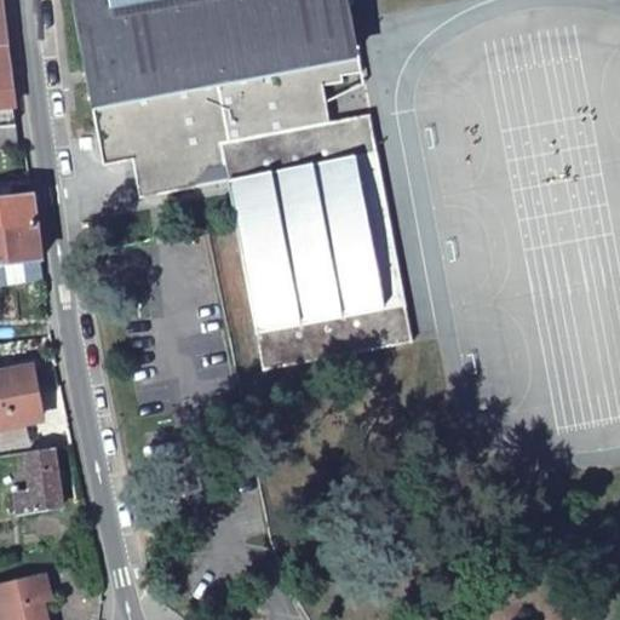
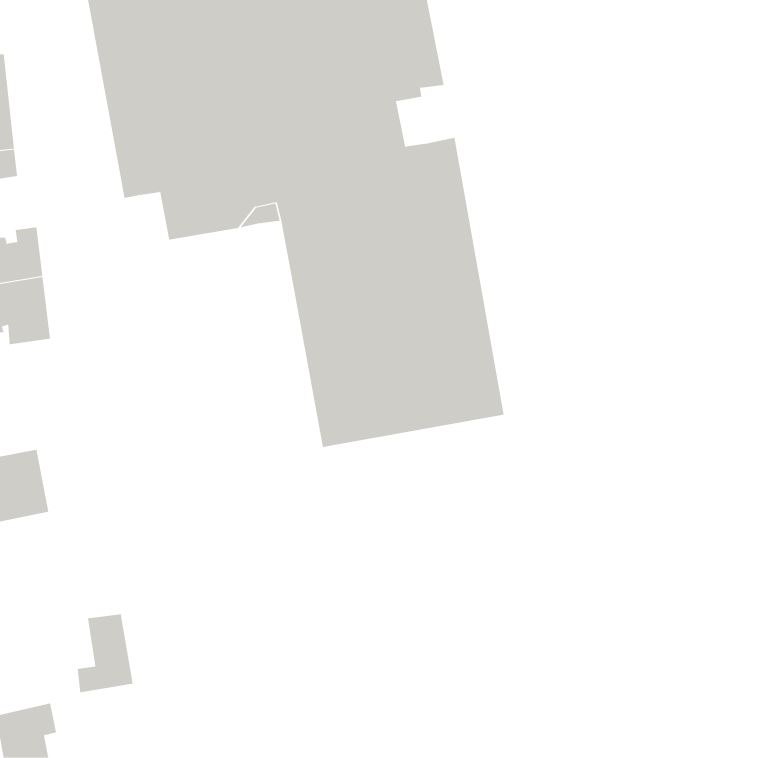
building: [15,444,61,509] -> [77,614,133,693]

